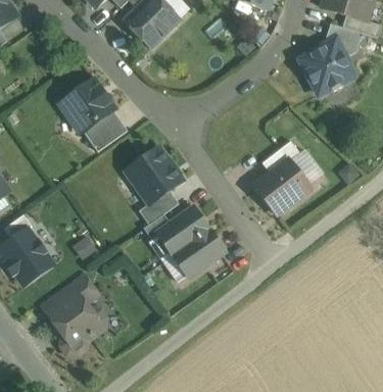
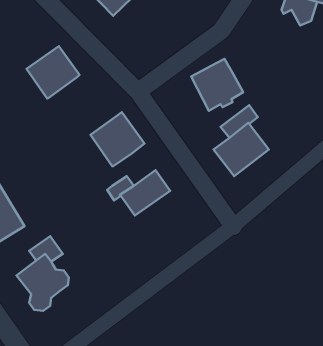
building: [299,41,353,95] -> [191,59,243,111]
building: [83,110,127,151] -> none
building: [138,190,178,224] -> none
building: [172,229,224,276] -> none

